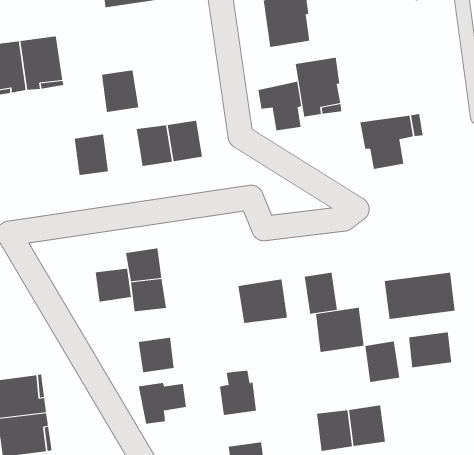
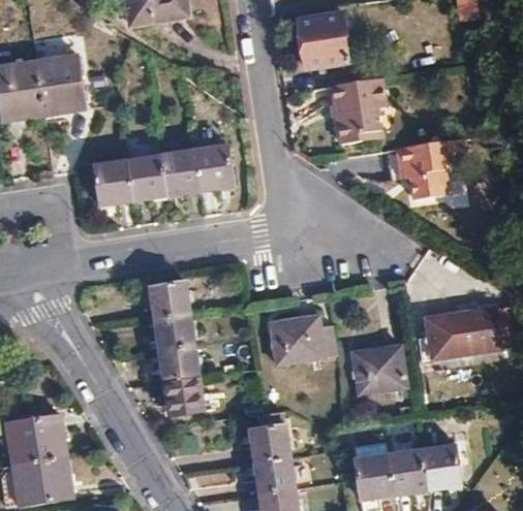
building: [101,70,139,112] -> [126,155,166,200]
building: [258,81,302,131] -> none
building: [95,268,132,302] -> [158,346,197,382]
building: [304,272,338,315] -> none
building: [408,332,452,368] -> none
building: [364,341,400,383] -> [422,444,460,488]
building: [138,382,187,425] -> none
building: none -> [253,455,295,493]

